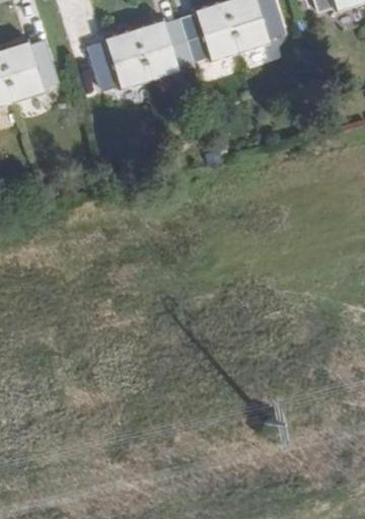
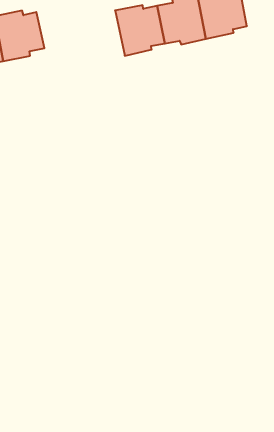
building: [88,30,147,89] -> none

